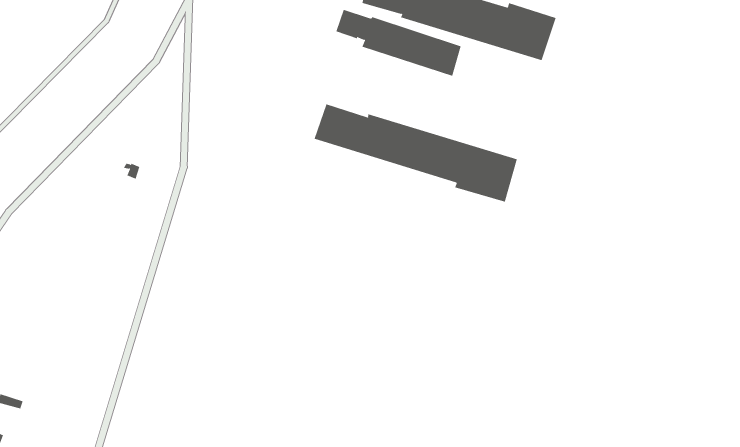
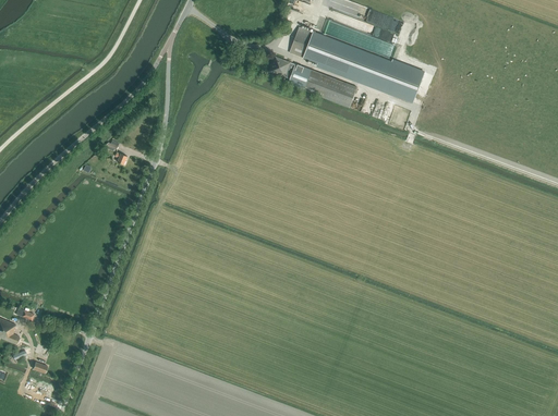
building: [314,103,517,203] -> none

